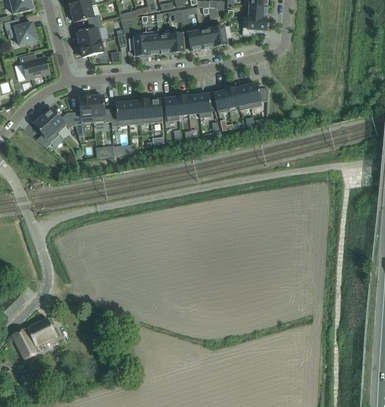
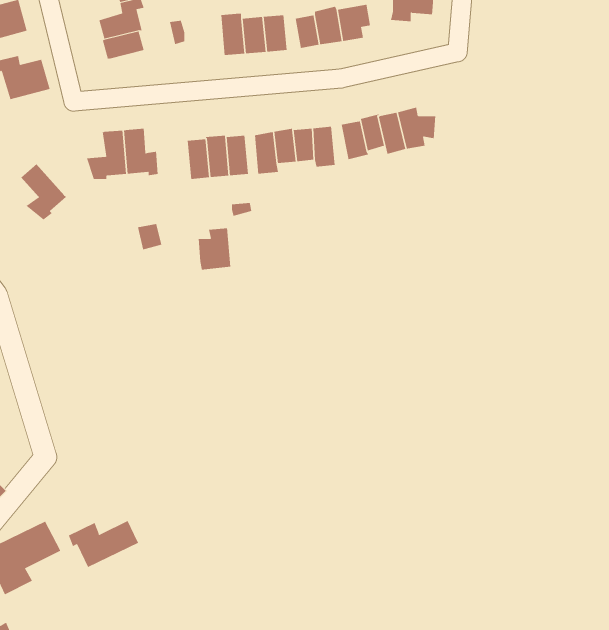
building: [128,31,148,55] -> none
building: [110,102,129,126] -> [198,228,231,270]
building: [42,107,74,133] -> none
building: none -> [68,520,139,568]

